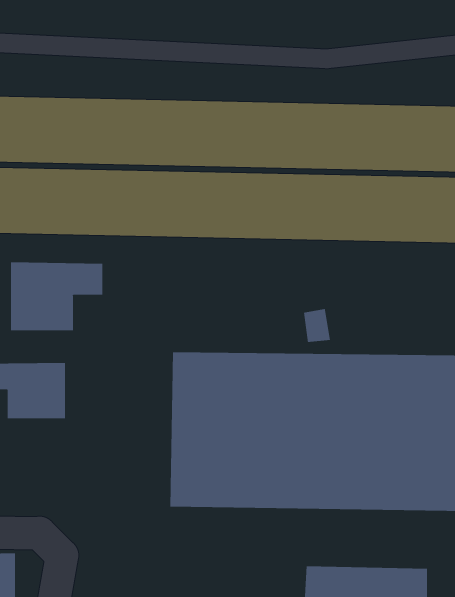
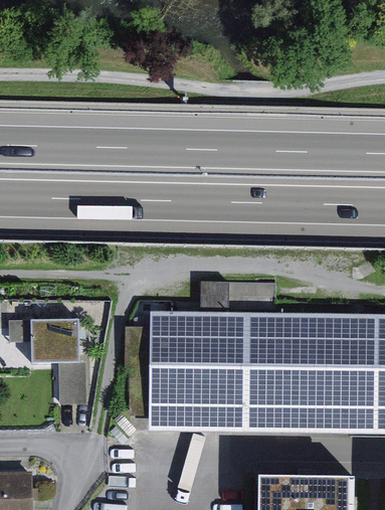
building: [10,262,103,331] -> none
building: none -> [58,363,85,404]

